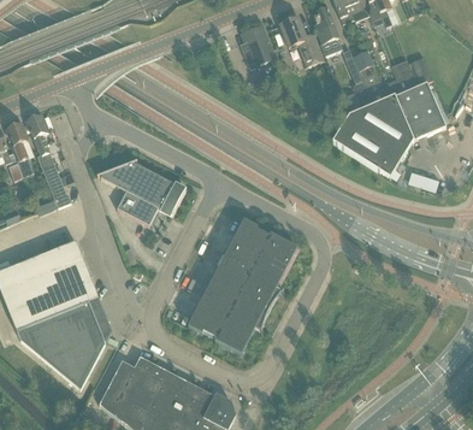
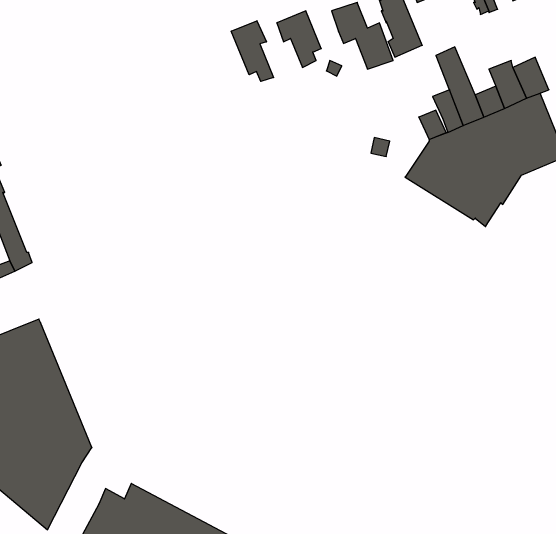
building: none -> [231,21,274,81]
building: [96,159,184,225] -> none
building: [187,219,296,354] -> none

